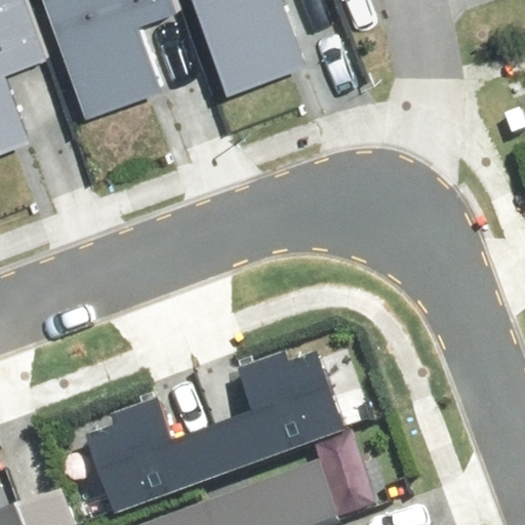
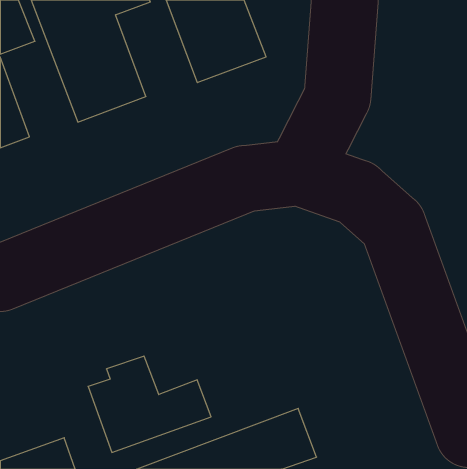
building: [223,346,354,466] -> none

